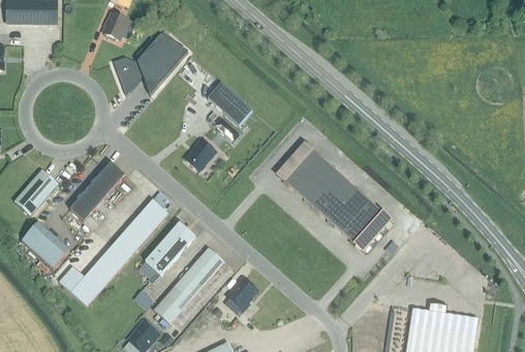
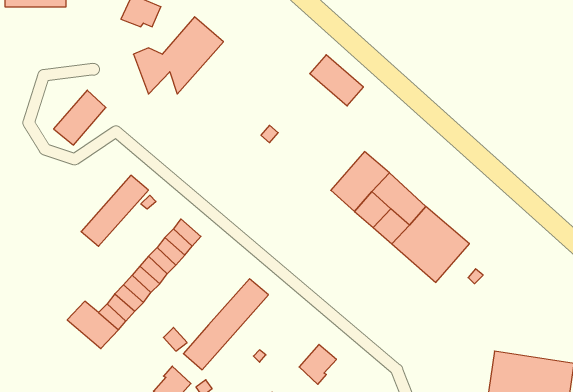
building: [207,83,251,125] -> [310,55,363,106]
building: [185,138,215,170] -> none
building: [13,169,57,215] -> [54,90,106,145]
building: [21,221,68,267] -> none
building: [145,222,195,275] -> none
building: [226,278,257,311] -> [299,344,336,384]

